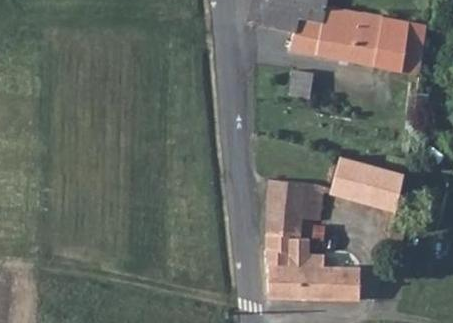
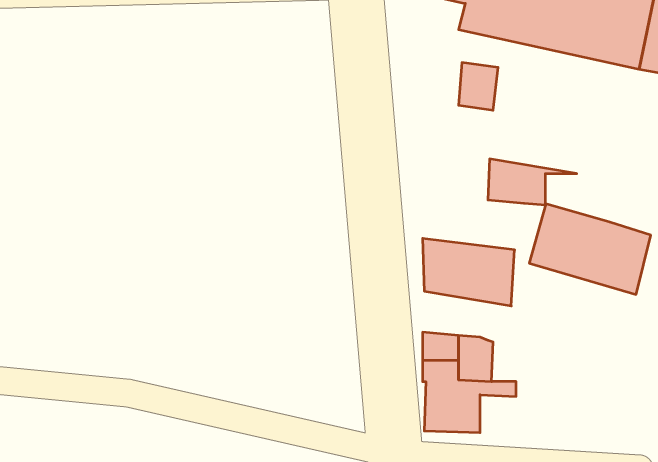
building: [267,210,321,238] -> [488,159,577,205]
building: [302,265,361,297] -> none

